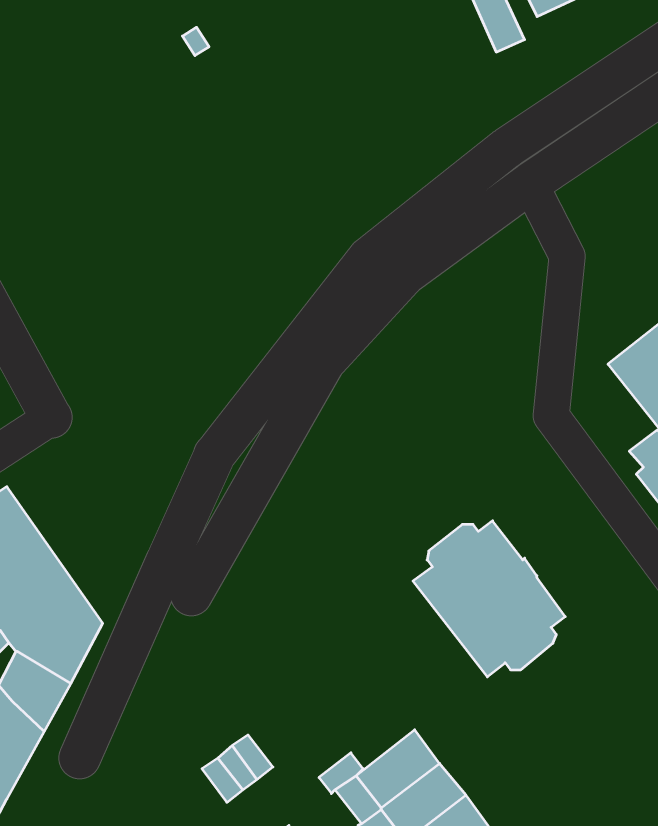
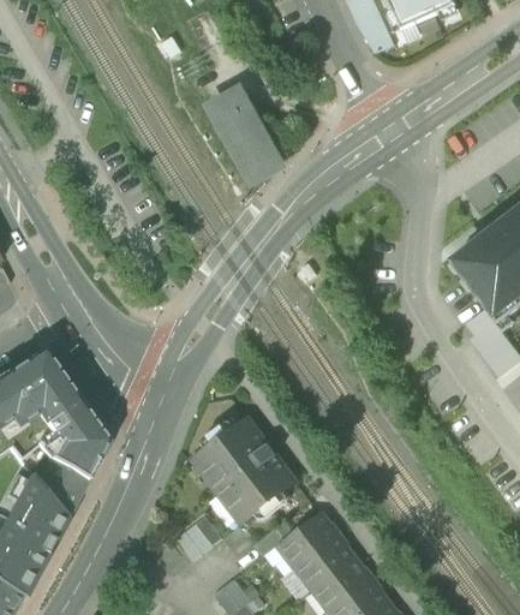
building: none -> [215,94,279,179]
building: [413,521,565,677] -> [193,417,297,523]

